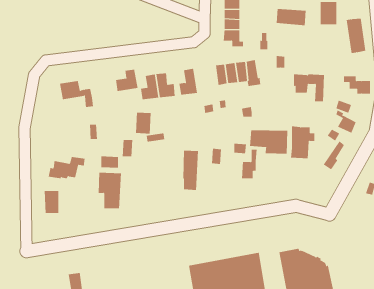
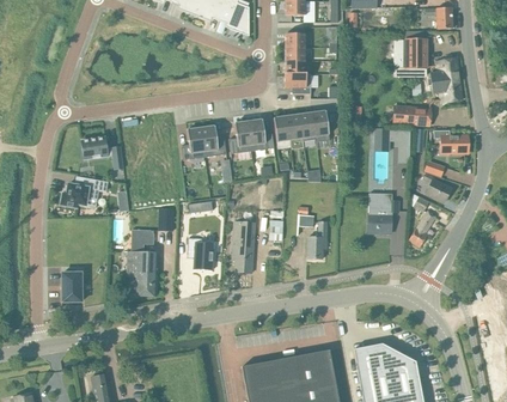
building: [276,9,307,26] -> [392,104,430,126]
building: none -> [248,117,274,151]
building: [115,69,138,92] -> none
building: [135,112,152,134] -> [193,242,213,269]
building: [250,129,288,155] -> none
building: [48,157,85,179] -> [60,178,106,206]

